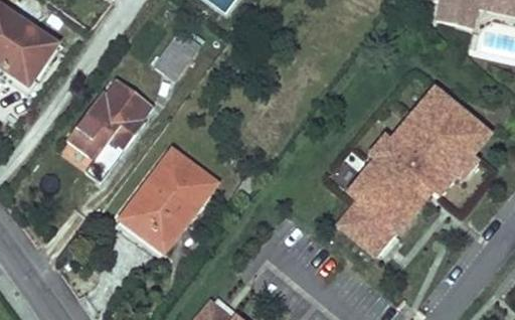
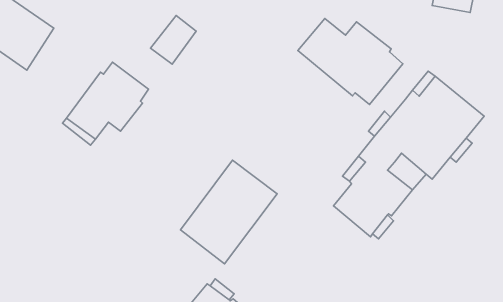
building: none -> [298,19,403,104]
building: [120,148,217,253] -> [181,160,277,264]

